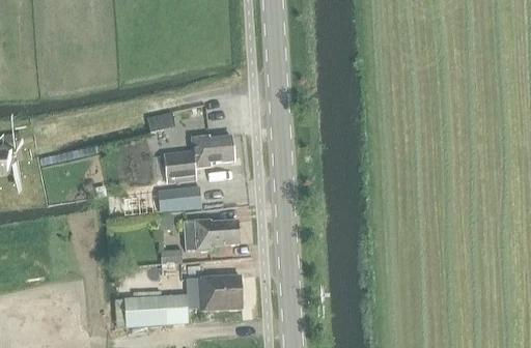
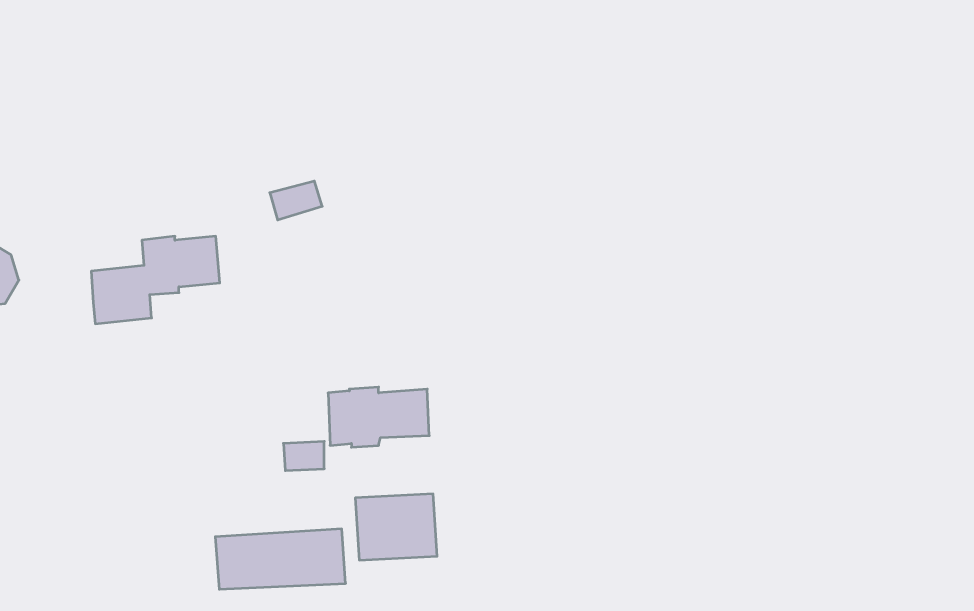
building: [164,136,232,182] -> [91,236,220,324]
building: [158,185,201,211] -> none

